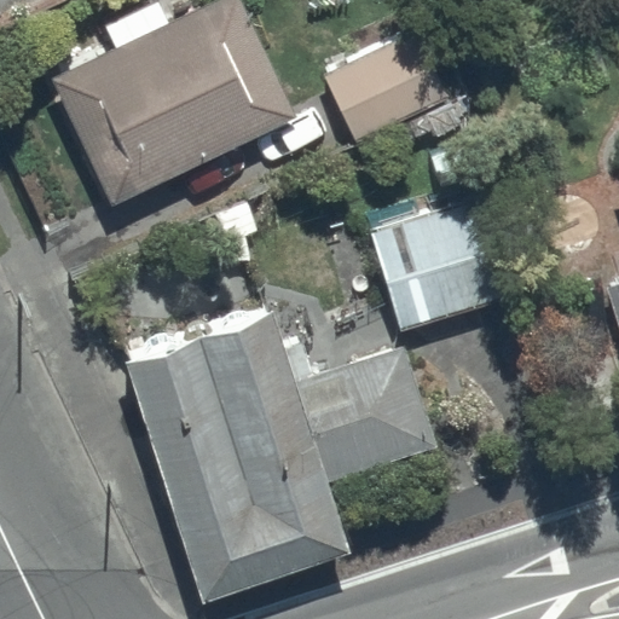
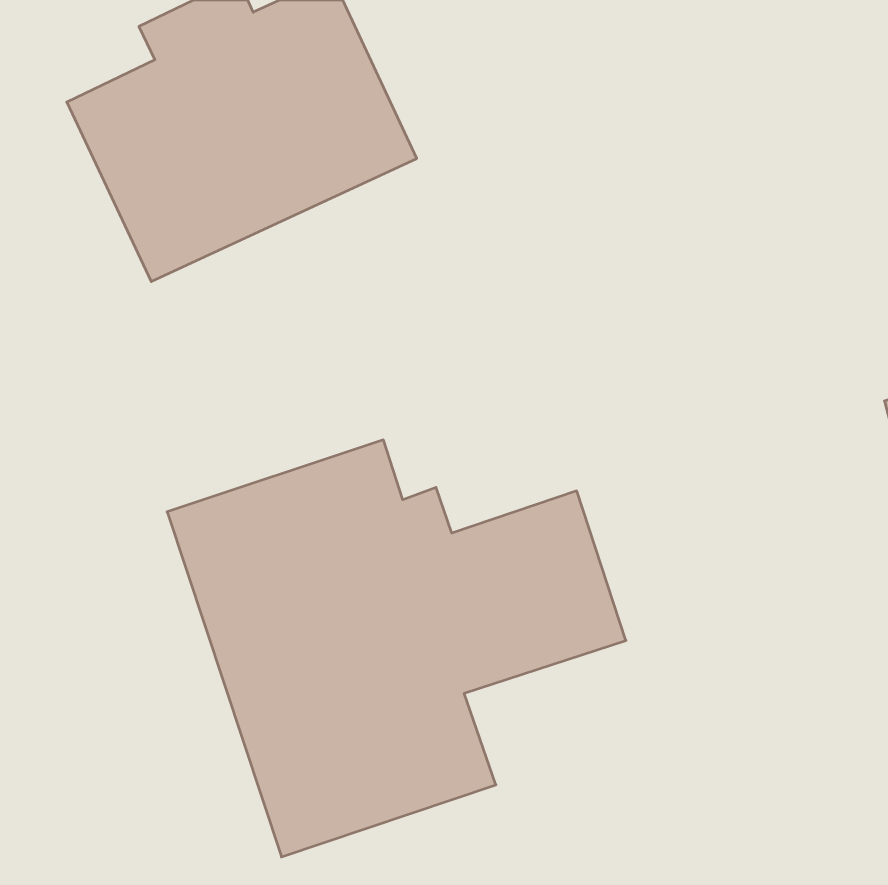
building: [324,33,451,145] -> none
building: [371,198,515,334] -> none

